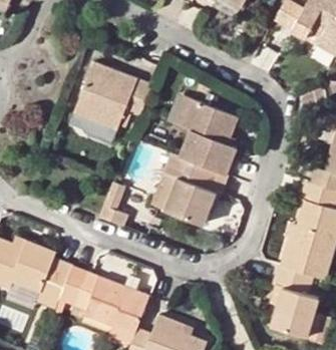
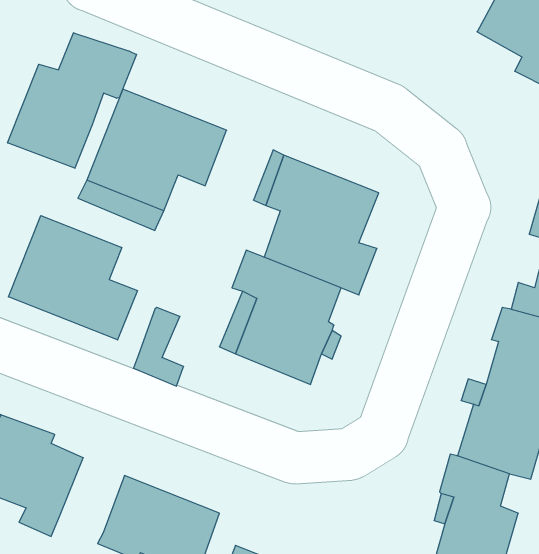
building: none -> [8,33,137,168]
building: none -> [8,216,137,340]
building: [60,266,96,308] -> none

